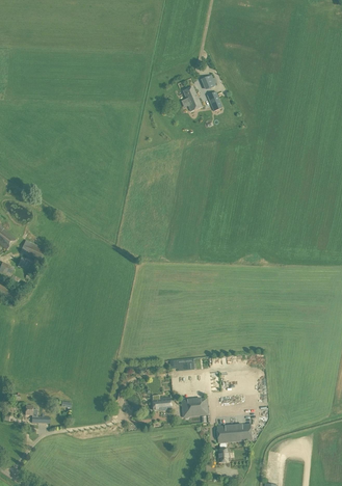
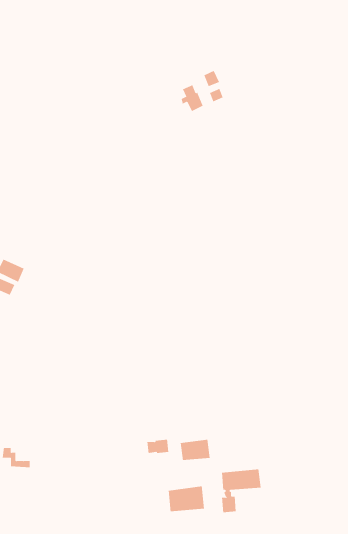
building: none -> [168,486,204,512]

